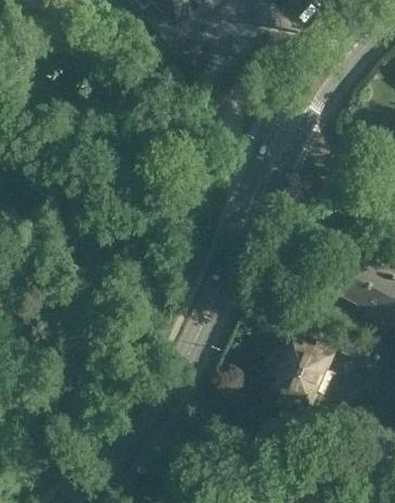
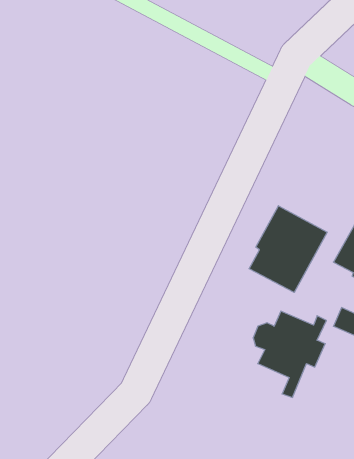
building: none -> [249,206,327,292]

